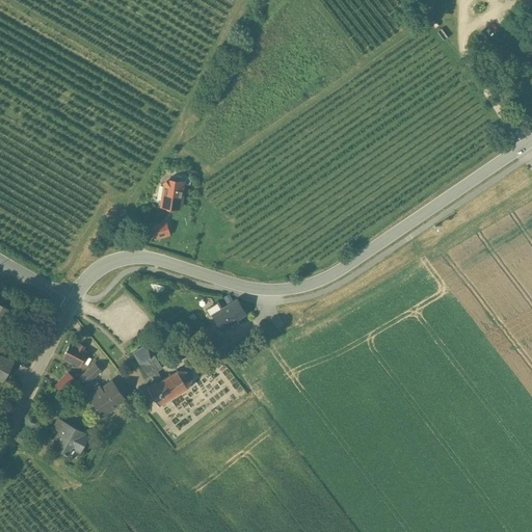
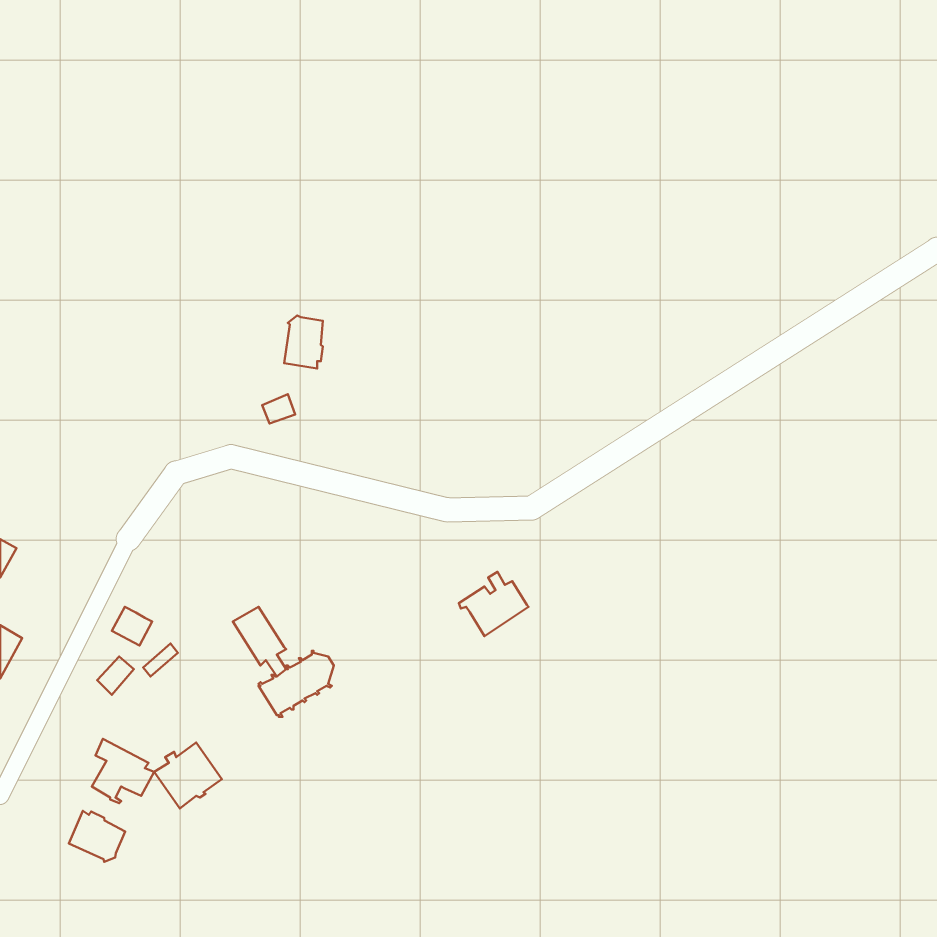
building: [207,294,246,330] -> [459,572,529,636]
building: [88,379,127,417] -> [154,743,222,809]
building: none -> [69,811,125,862]

